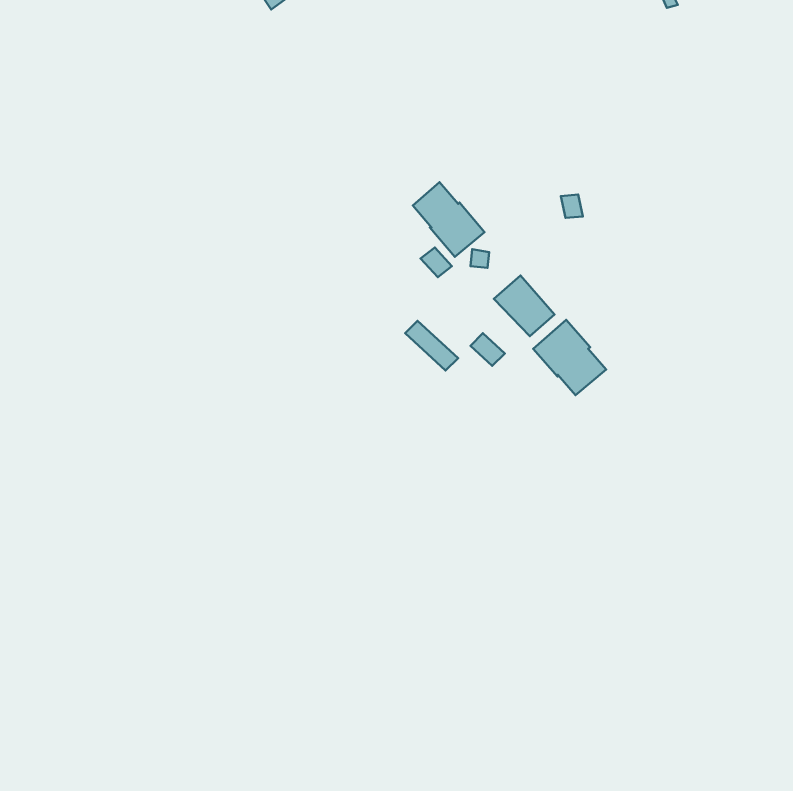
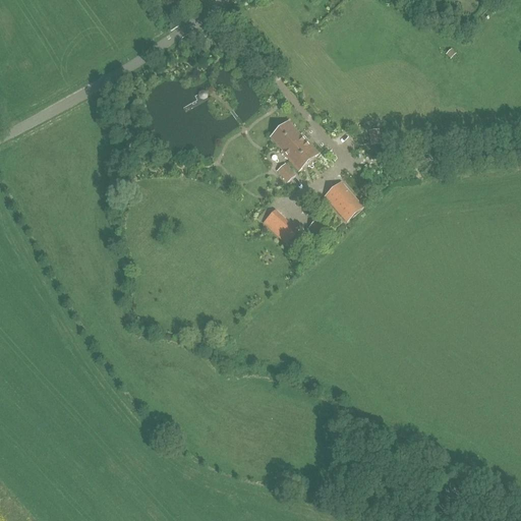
building: [533,320,606,395] -> none

